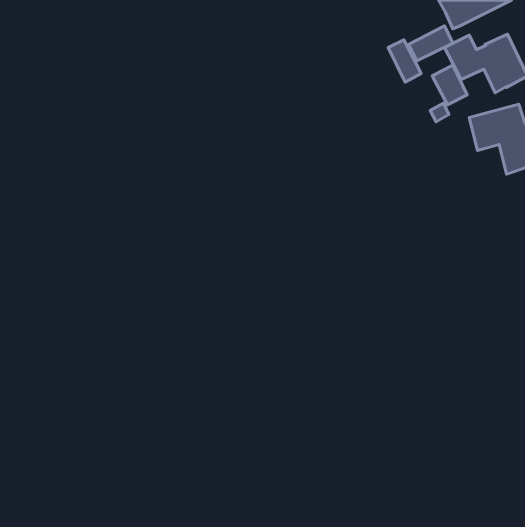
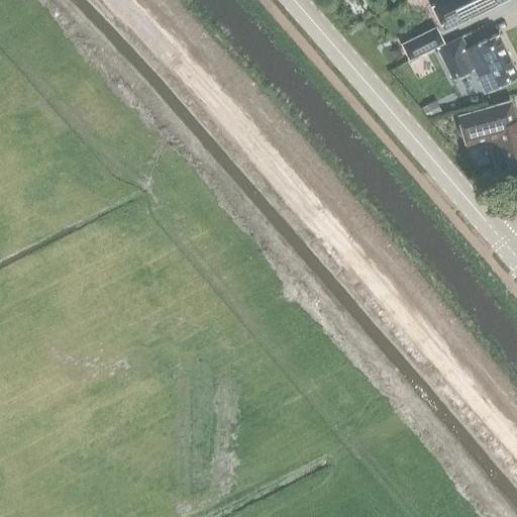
building: [388,40,421,82] -> none
building: [432,65,467,105] -> none

